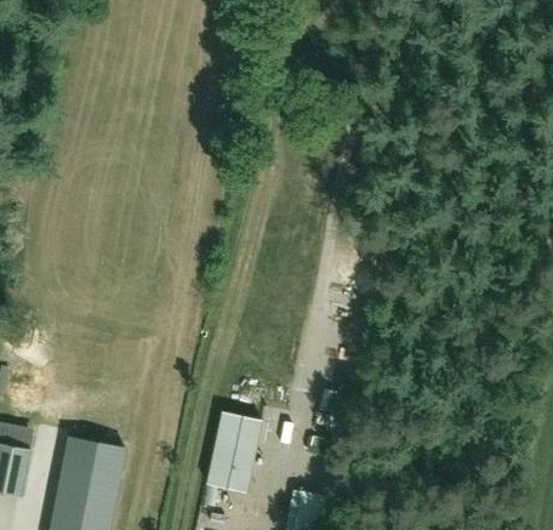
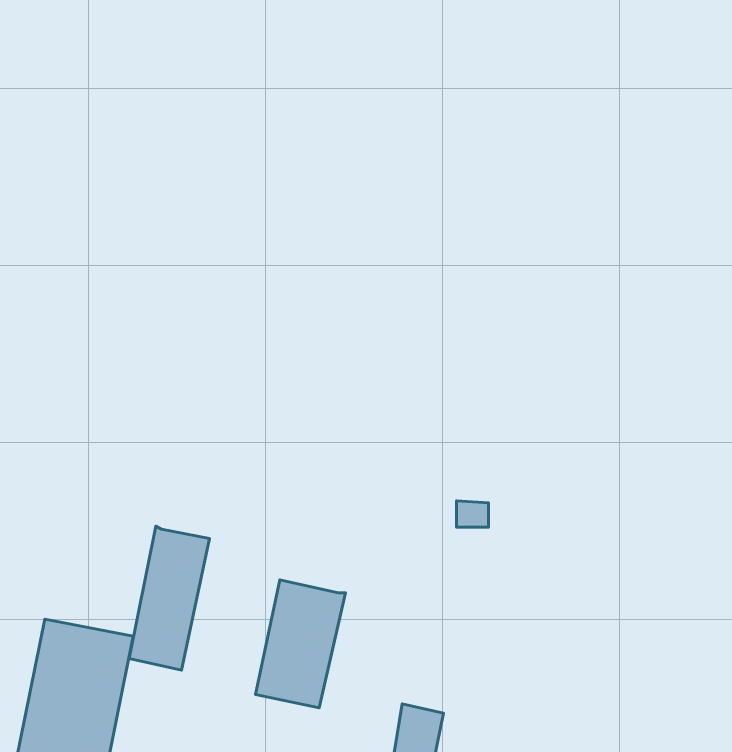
building: none -> [129,526,210,670]

